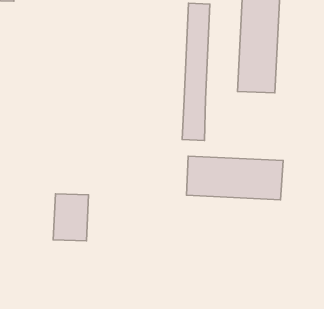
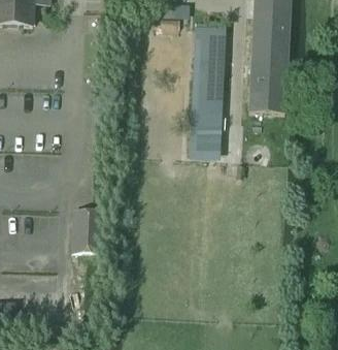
building: [186,156,283,200] -> none

